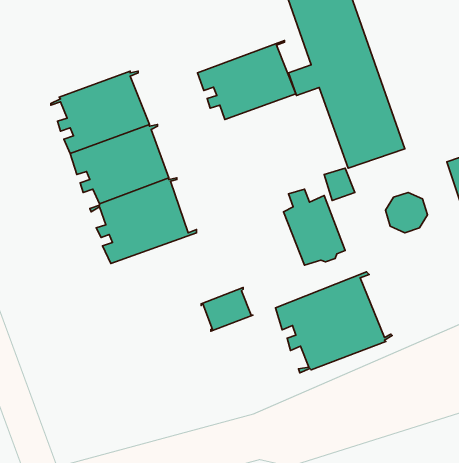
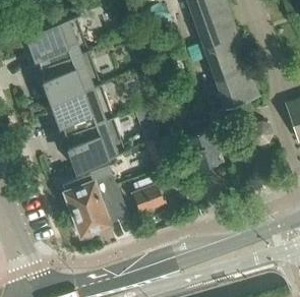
building: [197,40,296,120] -> [24,14,86,64]
building: none -> [61,166,125,236]
building: [275,272,392,373] -> none

